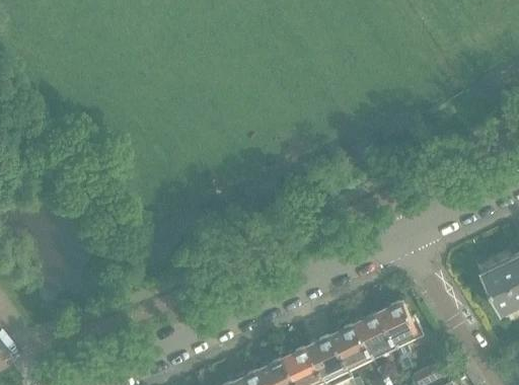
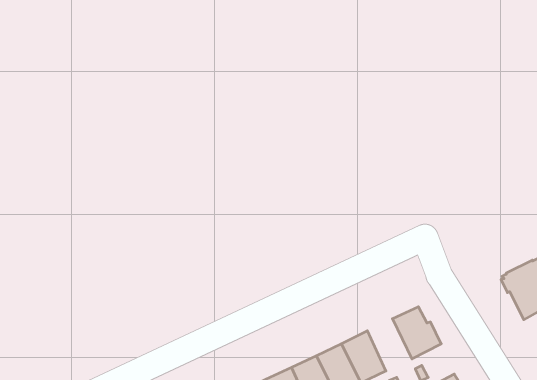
building: [354,311,395,360] -> none

